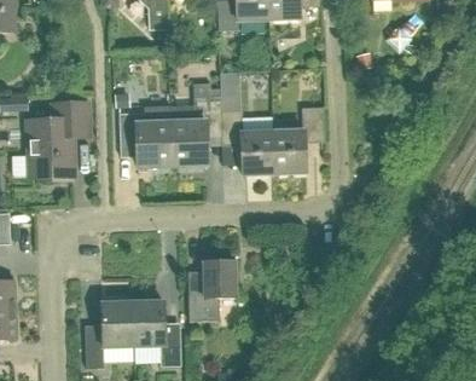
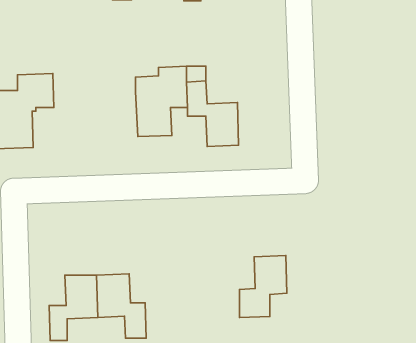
building: [272,108,323,173] -> none
building: [120,110,173,166] -> none
building: [188,260,236,322] -> [239,256,287,318]

